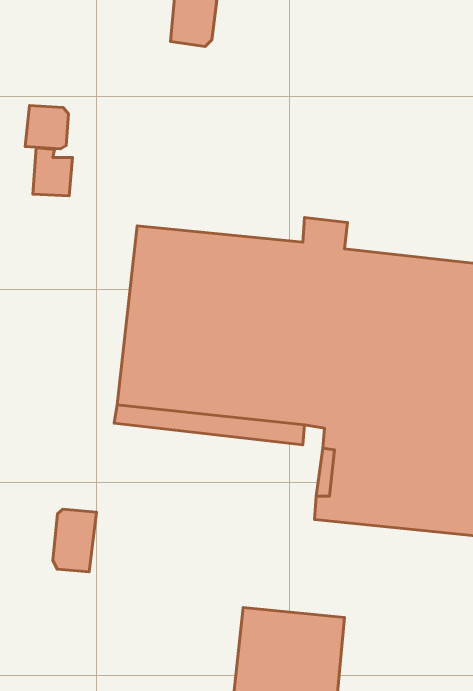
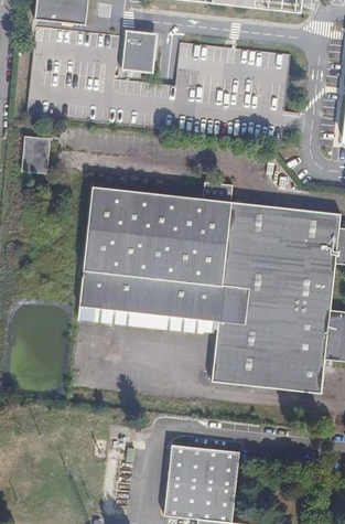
building: [25,106,68,149] -> none
building: [53,509,96,572] -> none

